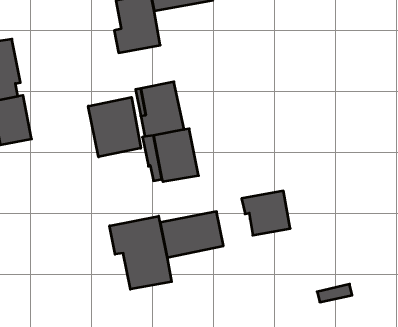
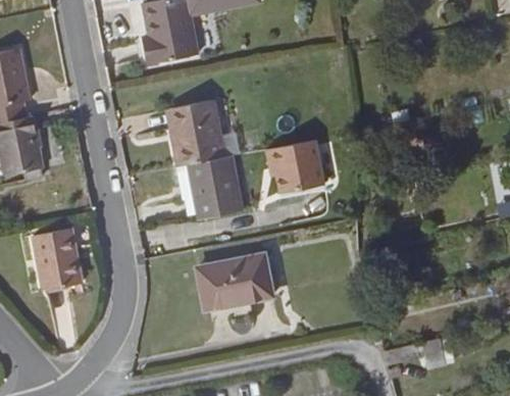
building: [88,97,141,157] -> none
building: none -> [34,227,82,289]
building: [242,191,290,235] -> [267,139,325,192]
building: [110,216,172,289] -> none

